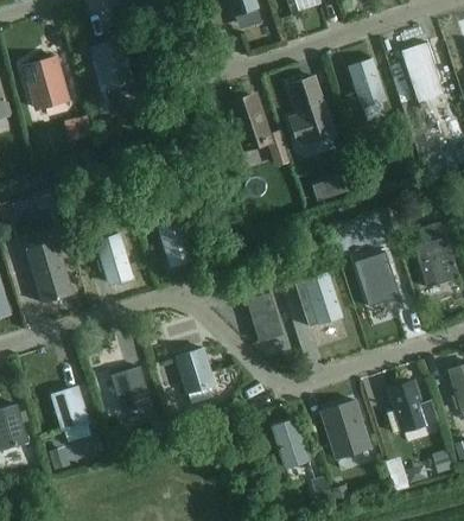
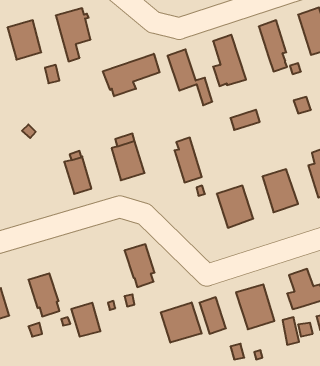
building: none -> [103,54,160,96]
building: [26,240,72,304] -> none
building: [247,284,282,342] -> [174,138,202,182]
building: [112,369,150,413] -> [71,303,101,337]
building: none -> [161,302,202,343]

